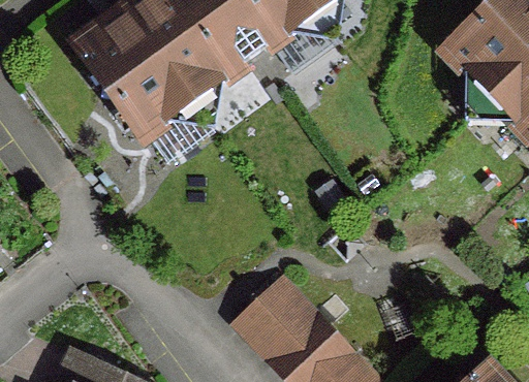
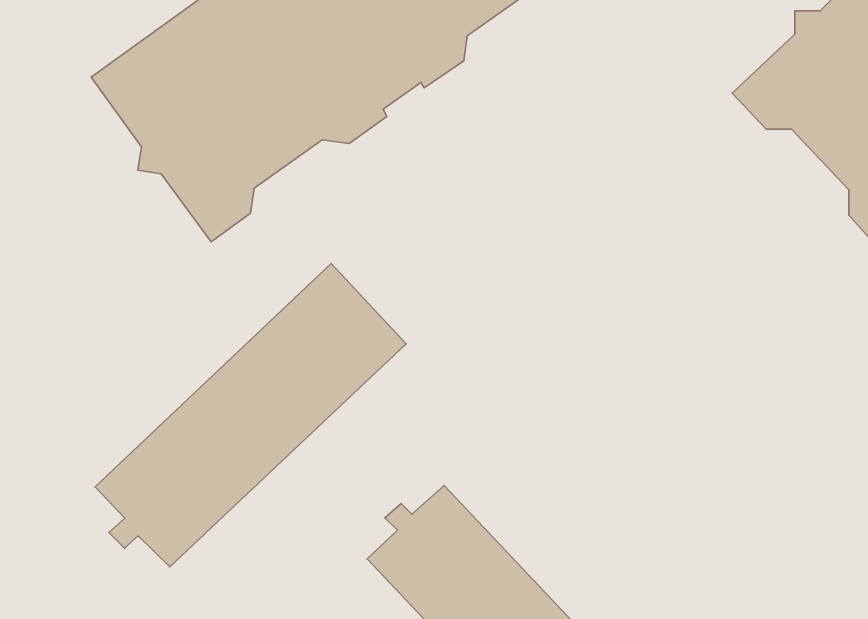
building: none -> [95,264,406,567]

